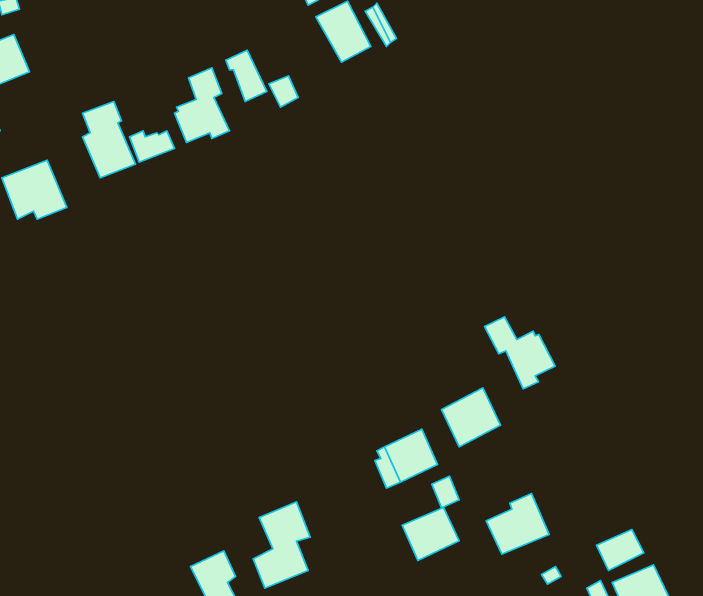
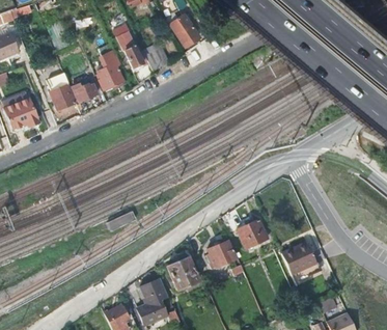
building: [485,317,555,389] -> none
building: [486,493,549,554] -> [284,242,317,274]
building: [402,507,459,560] -> [167,257,197,285]

